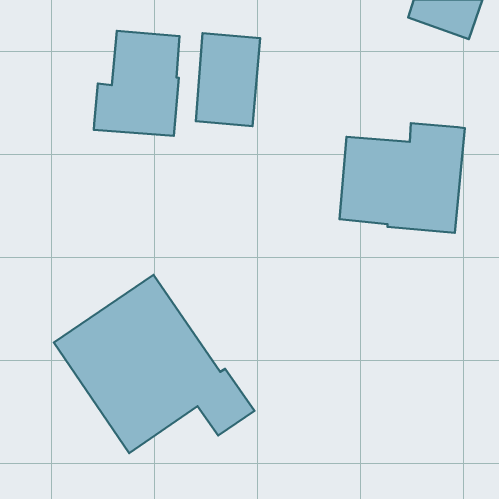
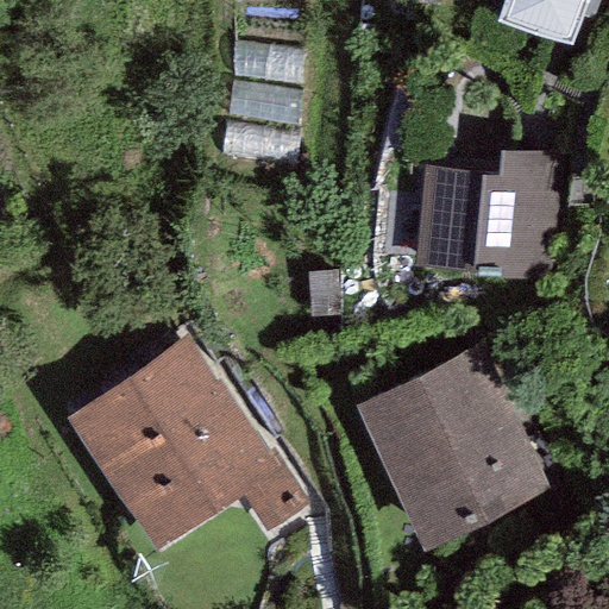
building: [94,31,180,136] -> none
building: none -> [354,345,552,550]

